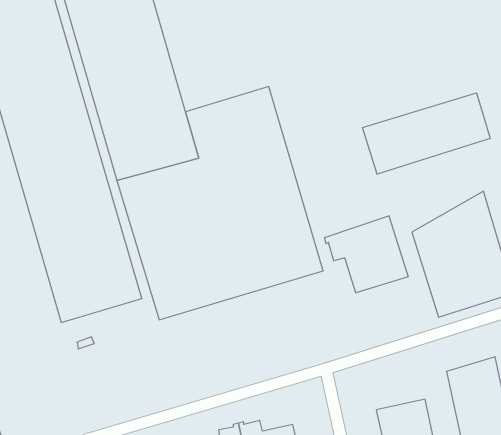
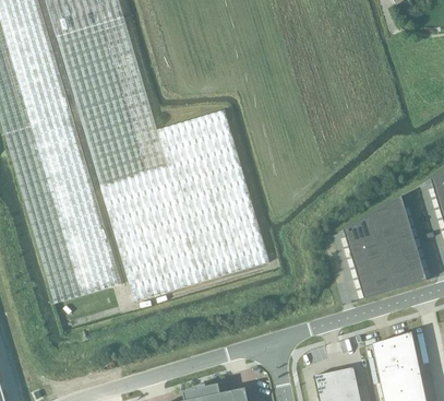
building: [362,93,490,174] -> none
building: [324,216,408,293] -> none

